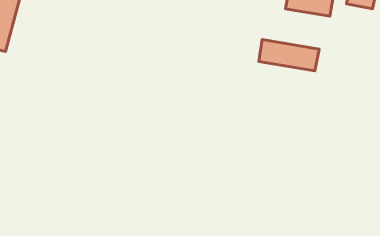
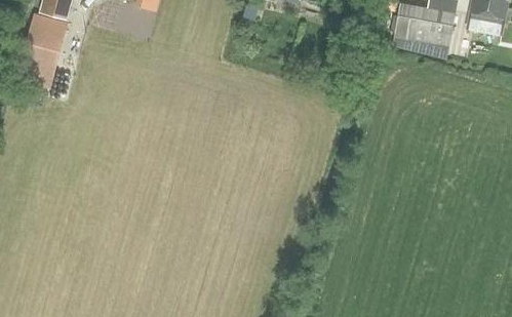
building: [259,40,319,71] -> none

